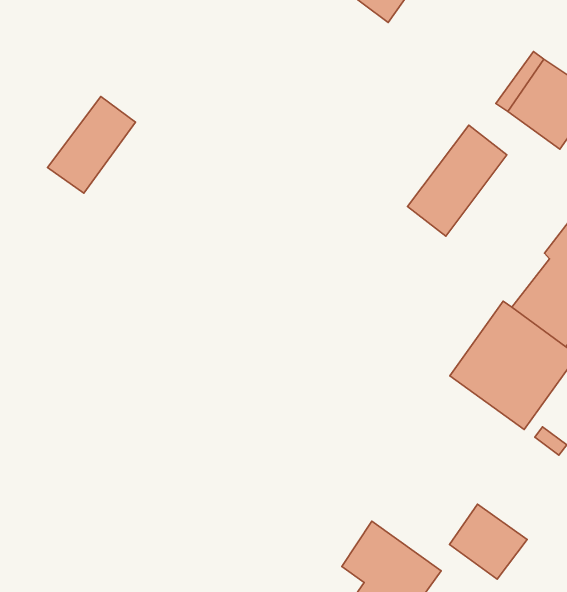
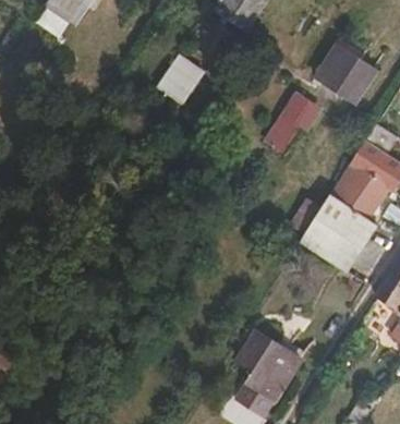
building: [47,97,136,193] -> [150,57,202,116]
building: [450,504,527,579] -> none

